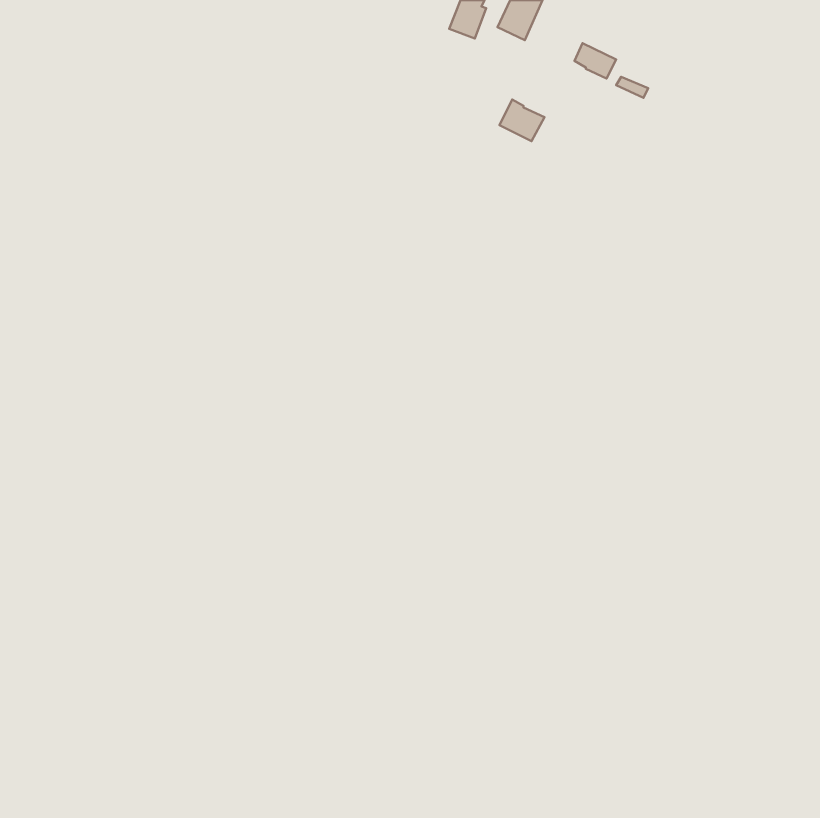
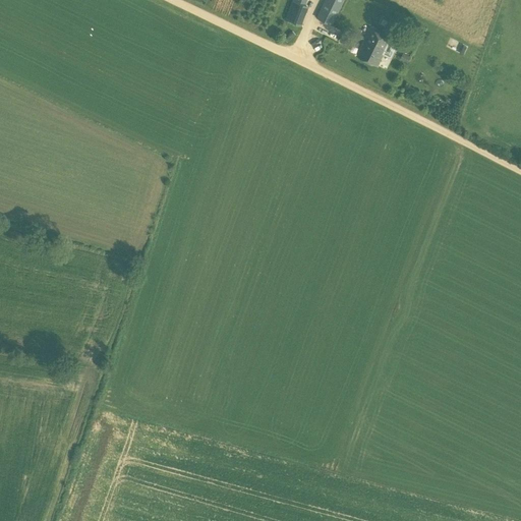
building: [499,99,544,141] -> [356,40,385,66]

